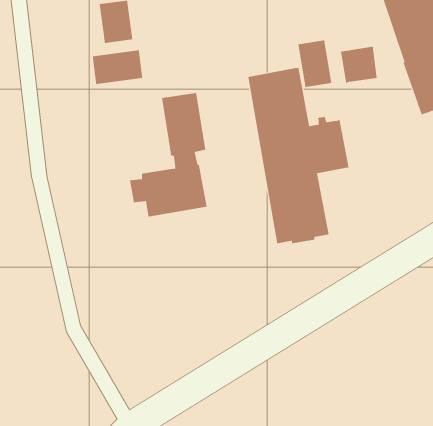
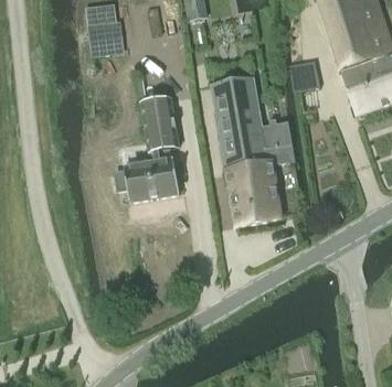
building: [298,39,332,88] -> none
building: [92,49,143,85] -> none

